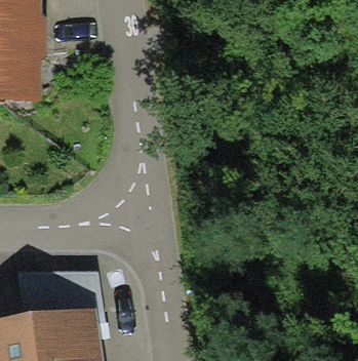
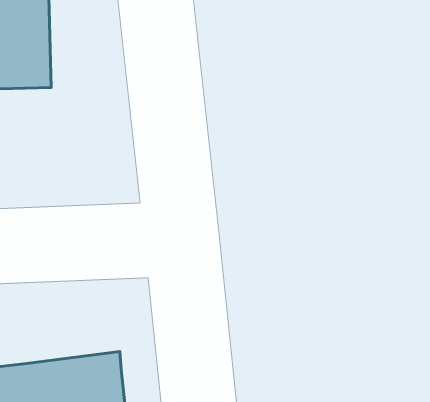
building: [18,272,106,323] -> none

